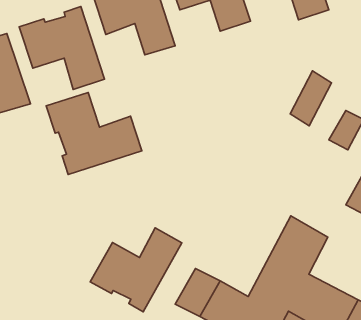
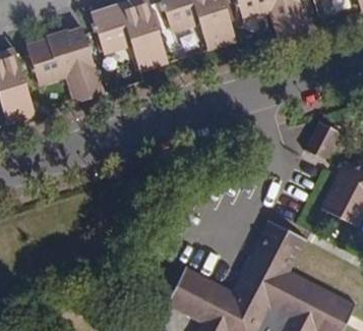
building: [290,71,332,126] -> none
building: [46,92,142,175] -> none
building: [90,228,182,312] -> none

